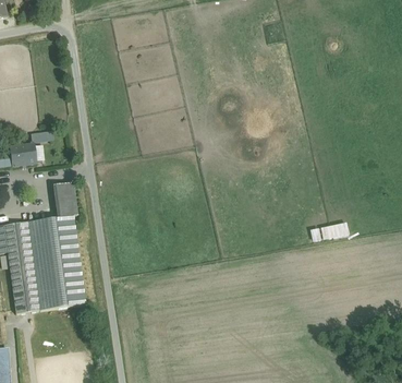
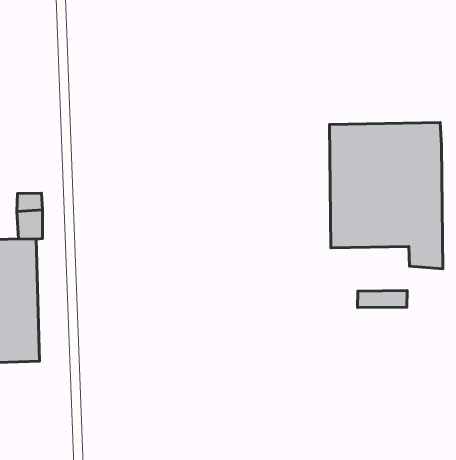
building: none -> [330,122,443,269]

